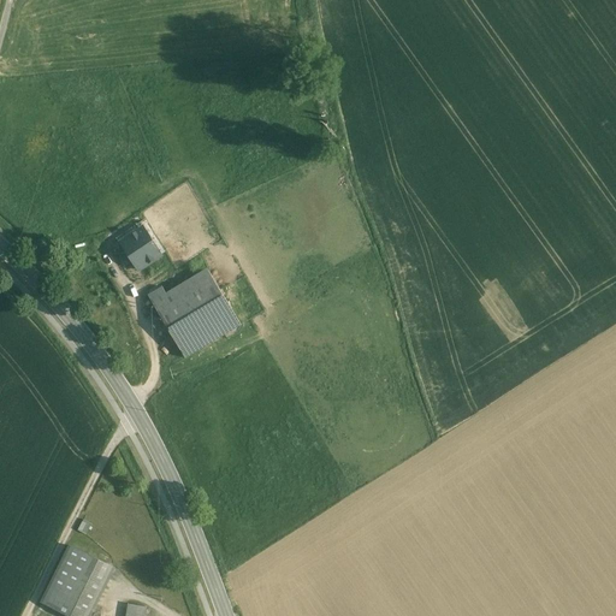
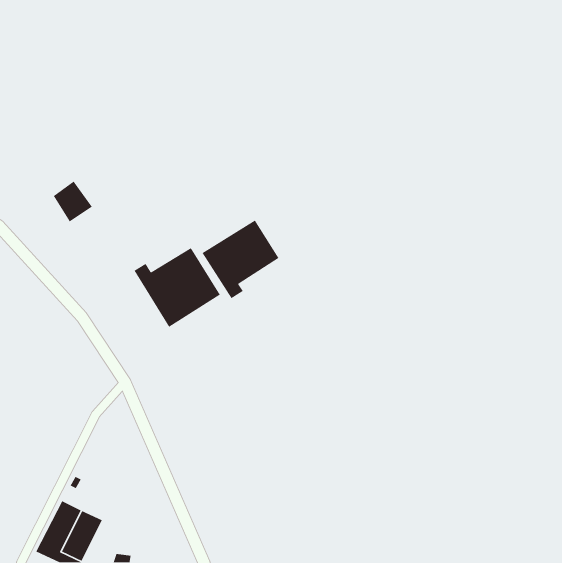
building: [119,224,162,270] -> [53,180,93,222]
building: none -> [201,219,280,299]

